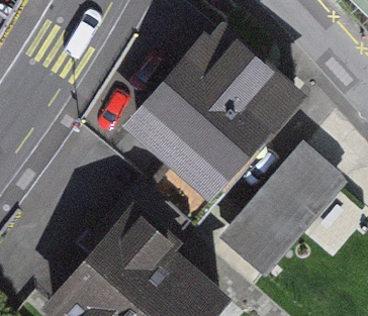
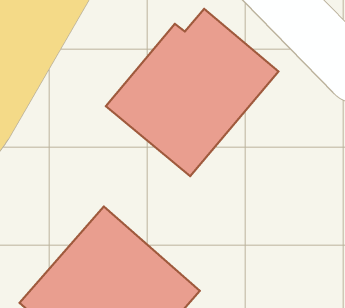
building: [221,143,346,273] -> none

